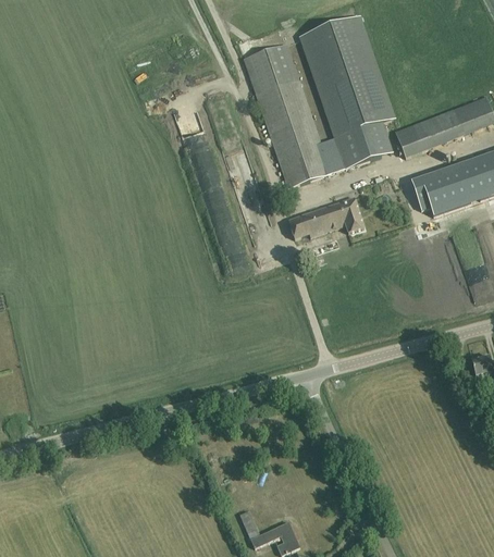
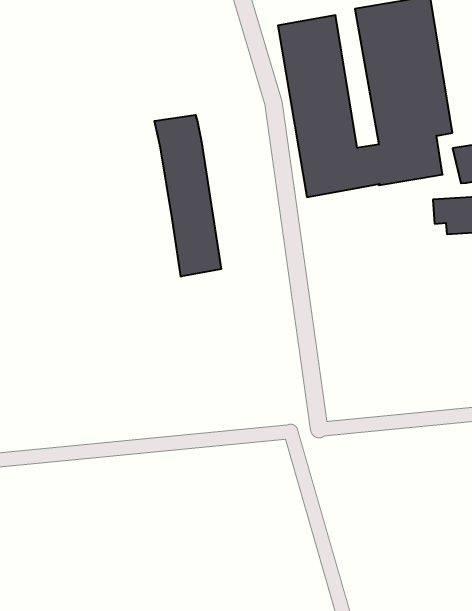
building: none -> [154,115,221,277]
building: [288,198,365,239] -> none

